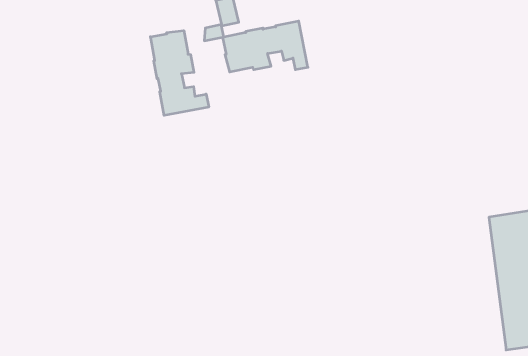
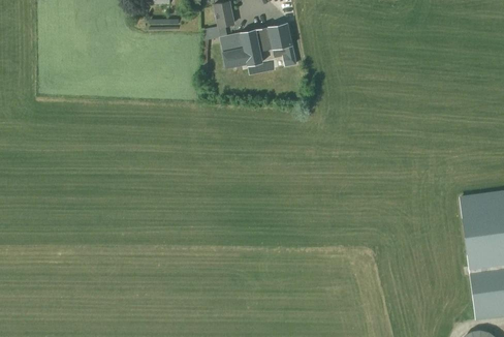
building: [150,31,209,115] -> none

